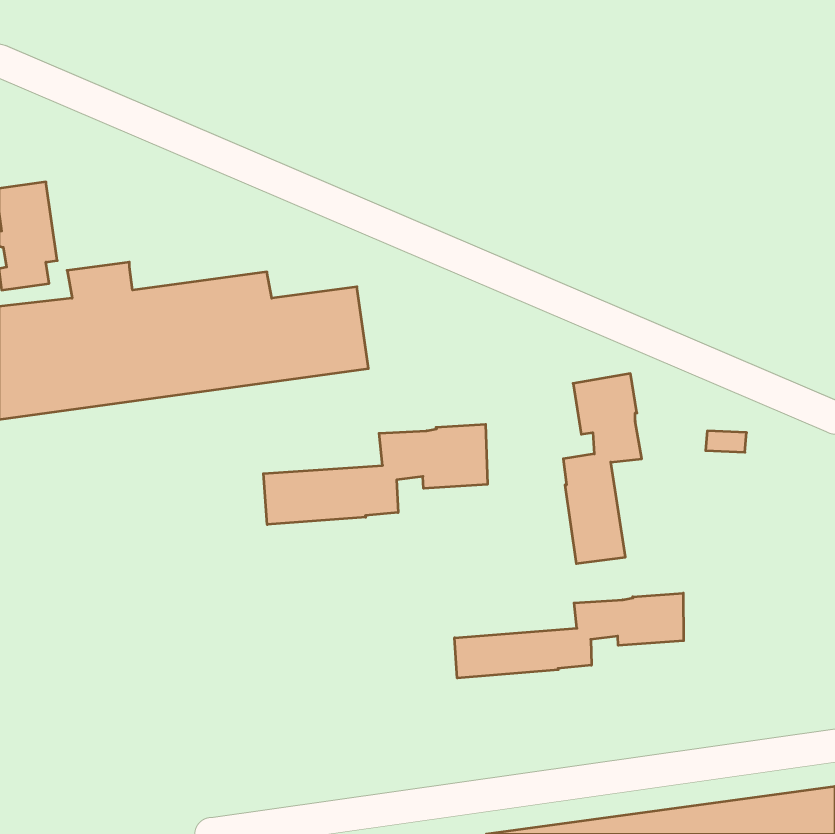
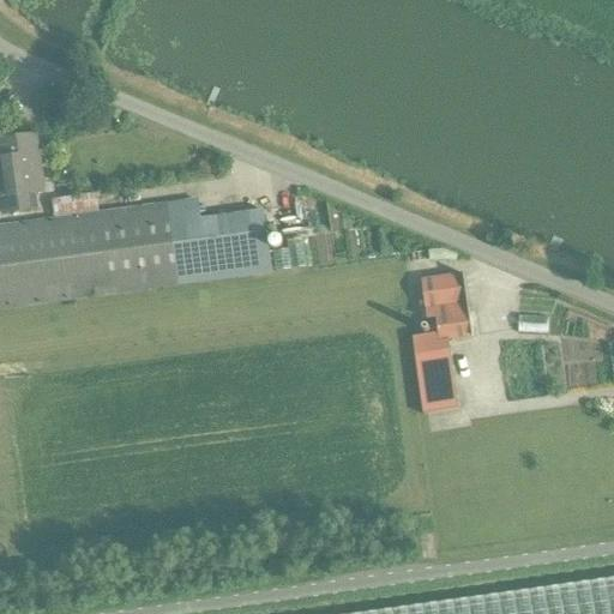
building: [263,424,487,525] -> none
building: [455,593,684,678] -> none

